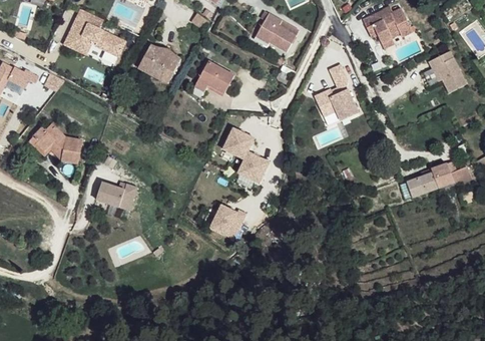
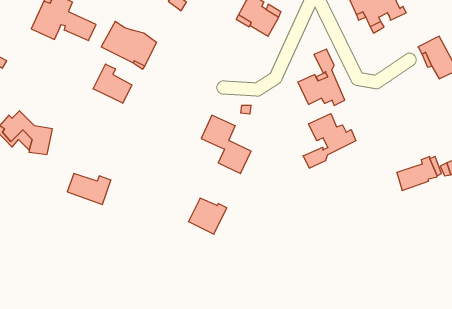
building: [199,61,234,93] -> none
building: none -> [93,64,132,103]
building: none -> [303,114,356,168]

